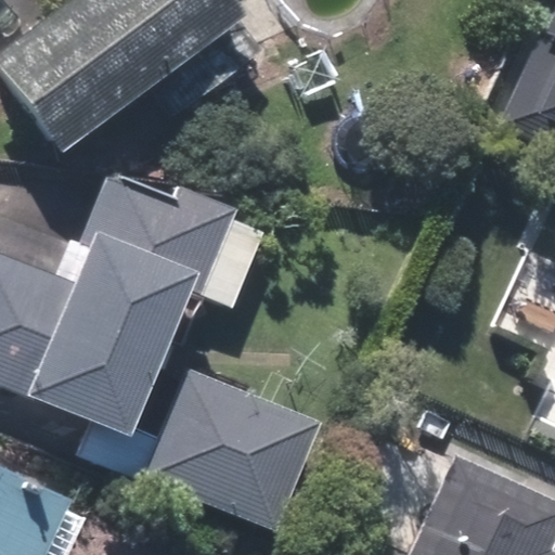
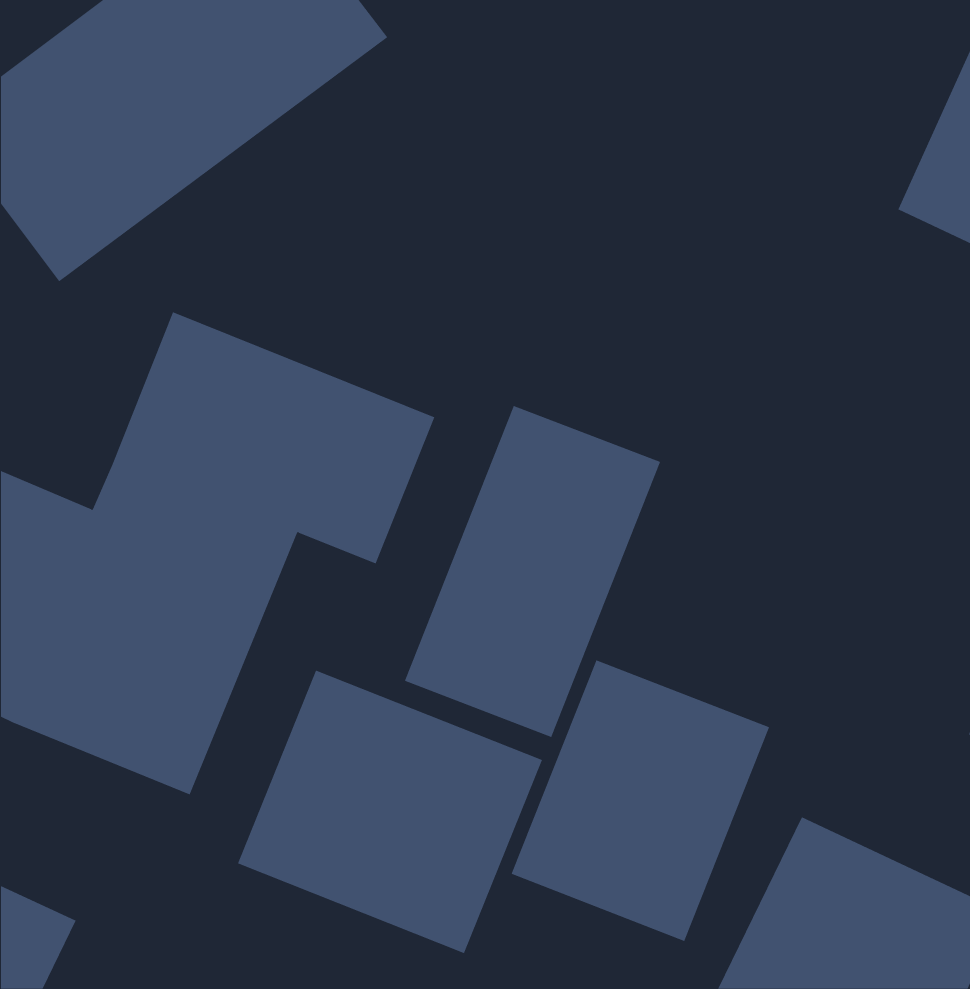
building: none -> [404,405,661,738]
building: none -> [511,659,770,942]

